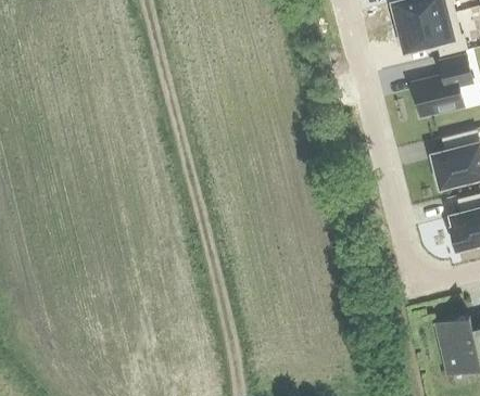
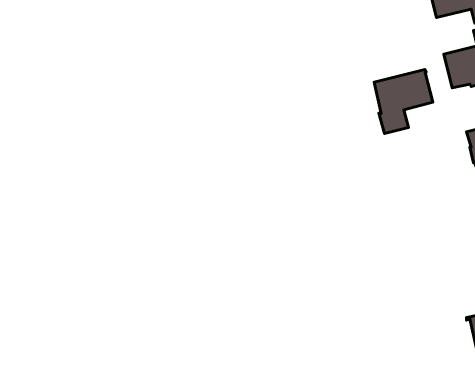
building: none -> [374,69,433,134]

